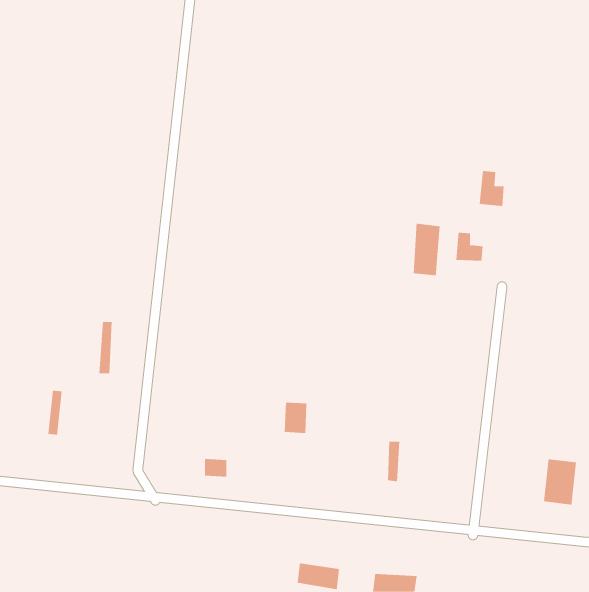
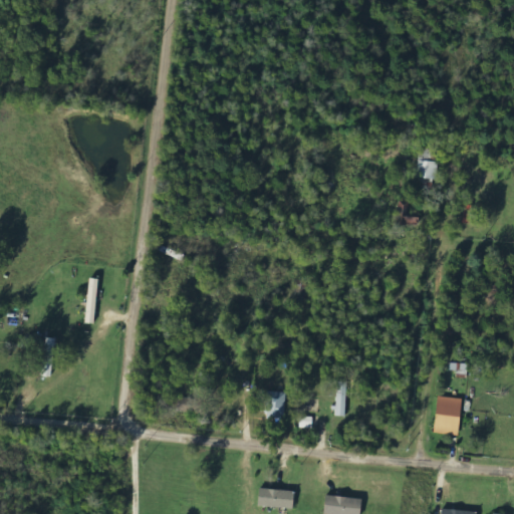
building: [413,223,440,276] -> none
building: [284,402,307,433] -> [265,391,285,418]
building: [543,459,577,505] -> [433,396,462,436]

